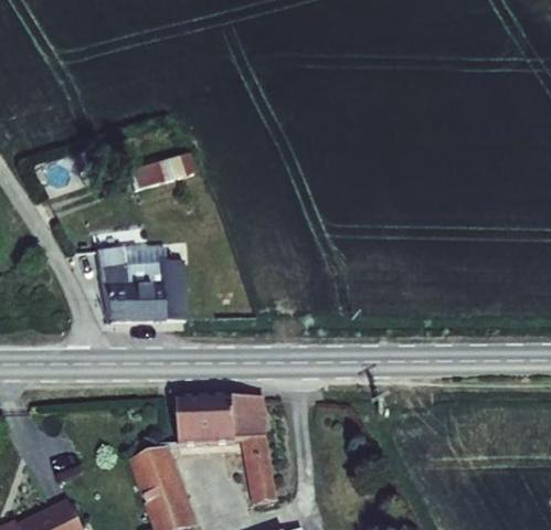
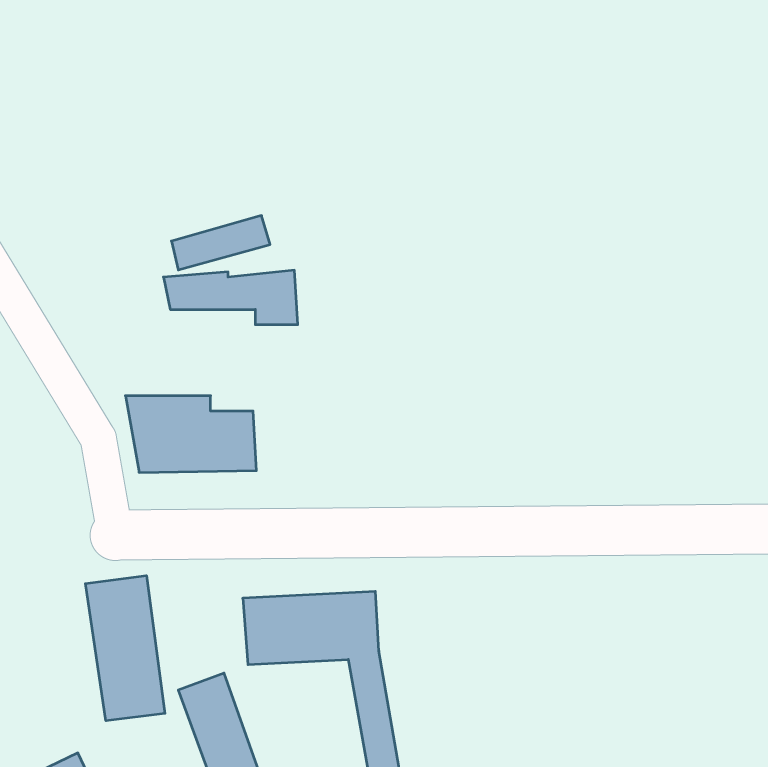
building: [95,243,182,278] -> [163,270,298,325]
building: none -> [85,576,165,721]

